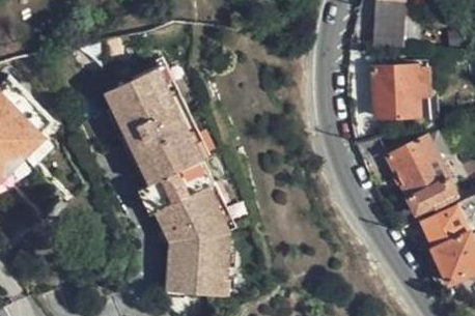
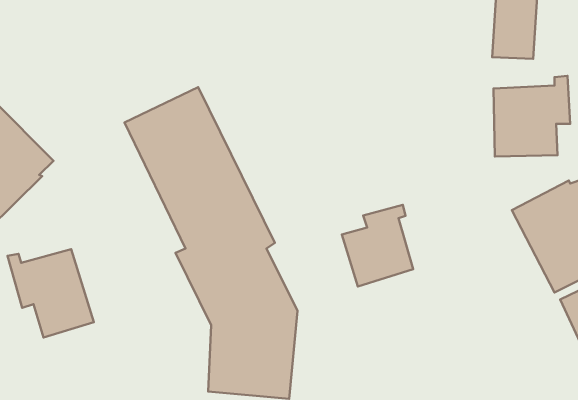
building: none -> [342,205,413,286]
building: none -> [8,249,94,338]

